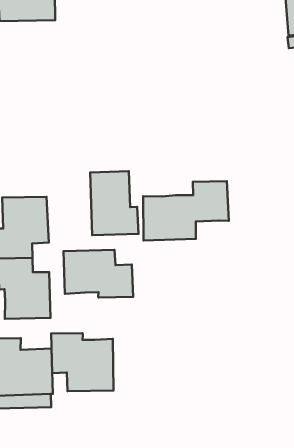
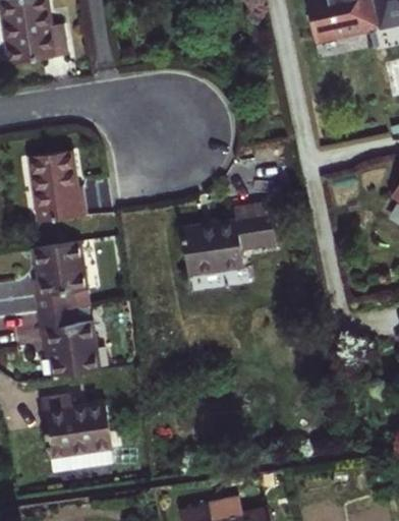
building: [90,171,139,235] -> [28,151,88,223]
building: [63,250,133,298] -> none
building: [51,333,114,391] -> none

